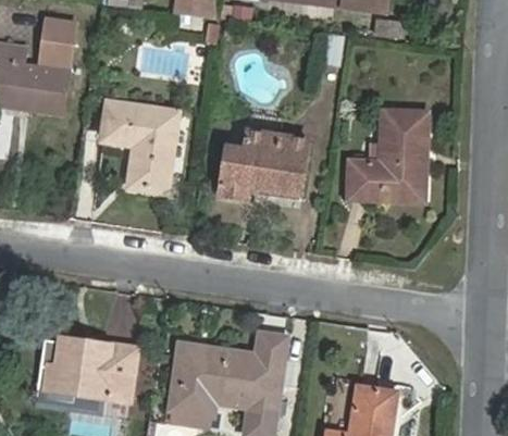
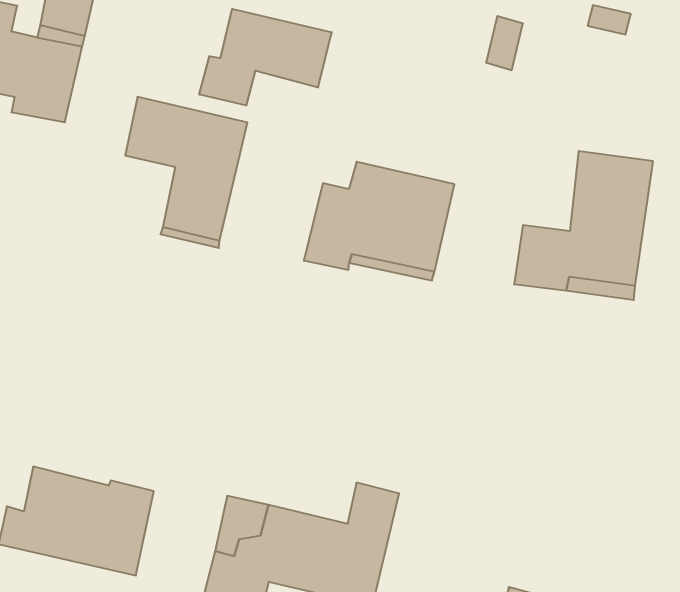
building: none -> [199,9,332,105]

